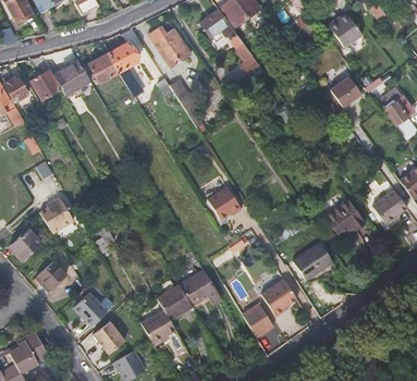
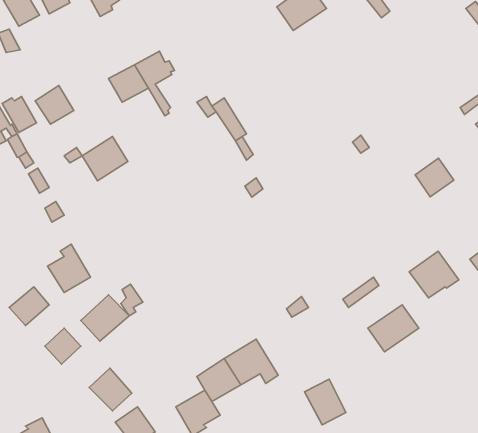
building: [198,9,259,73] -> none
building: [329,14,361,48] -> none
building: [147,26,191,69] -> none
building: [53,61,89,96] -> [82,137,128,181]
building: [330,77,360,108] -> [415,158,454,197]
building: [206,186,241,219] -> none
building: none -> [81,295,129,341]
building: [260,279,296,316] -> none

